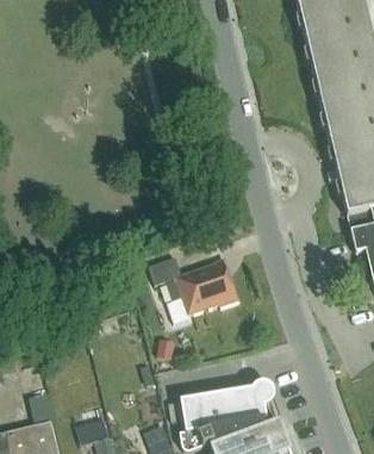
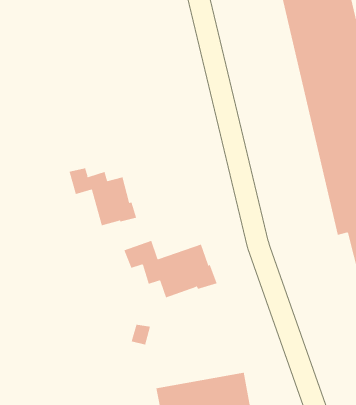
building: none -> [69,167,137,226]

